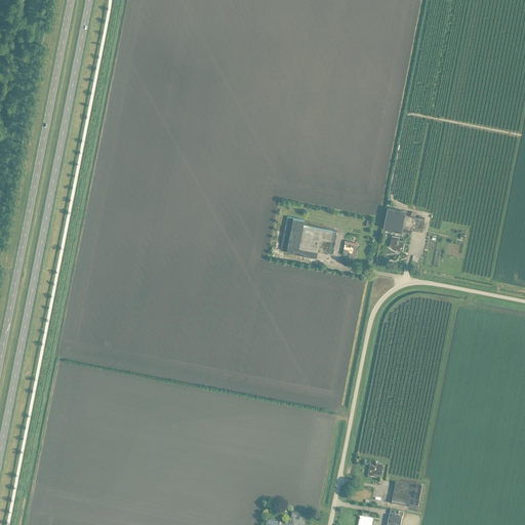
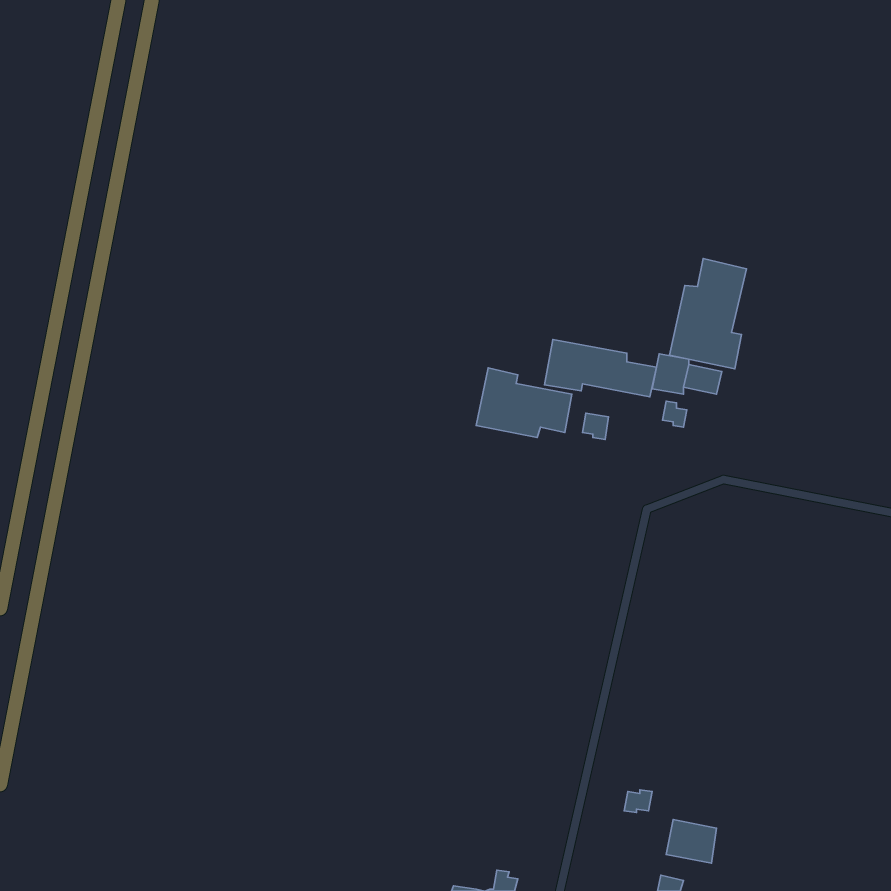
building: none -> [669,259,746,369]
building: none -> [545,339,656,397]

